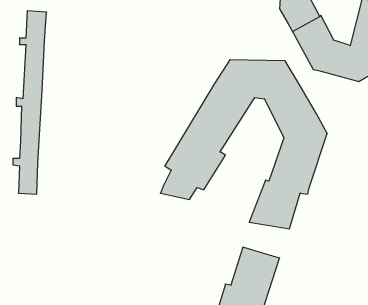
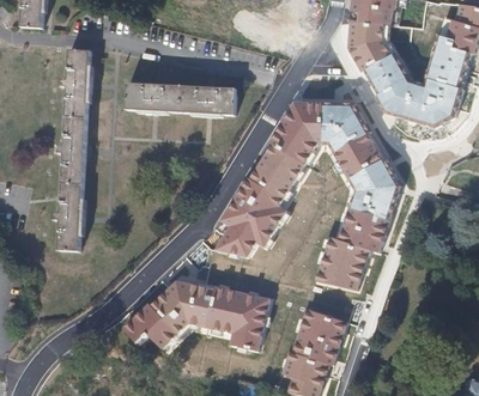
building: none -> [127,83,236,114]
building: none -> [123,280,271,349]

